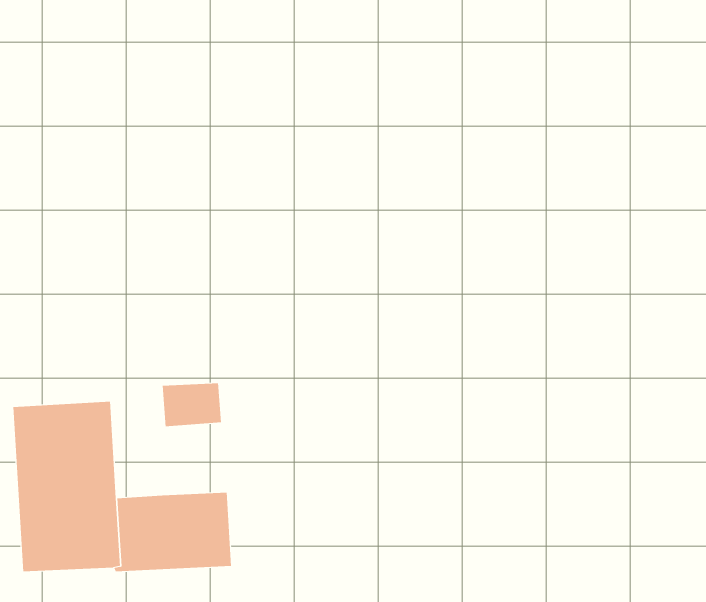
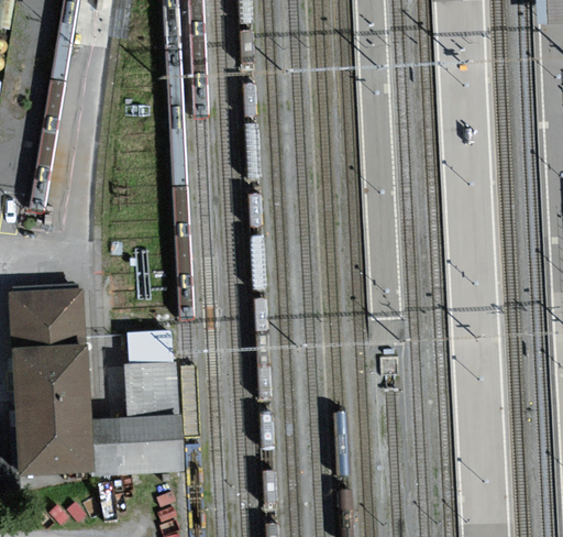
building: none -> [9,286,88,348]
building: none -> [124,360,178,416]

